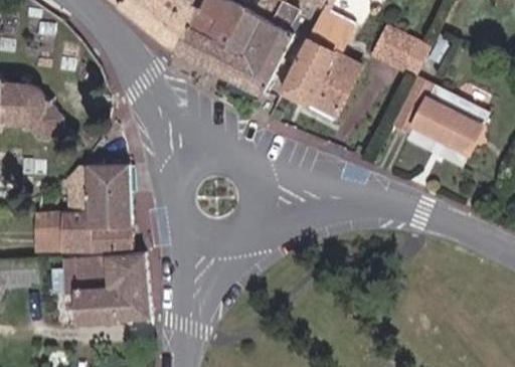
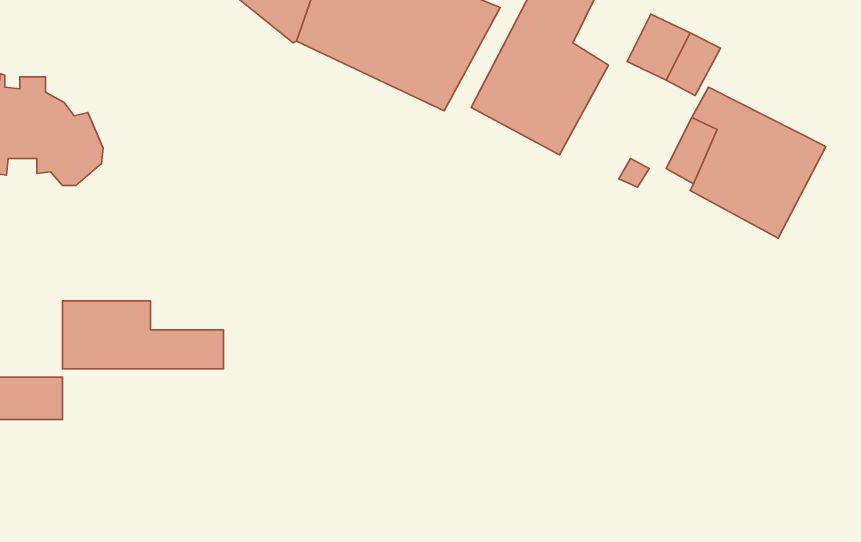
building: [60,163,133,222] -> none
building: [66,249,153,316] -> none

